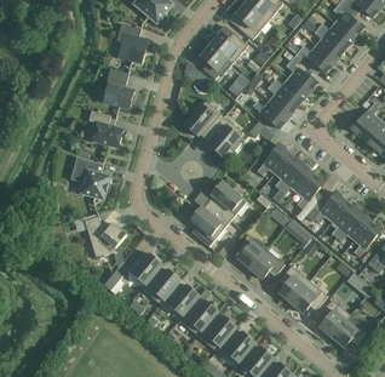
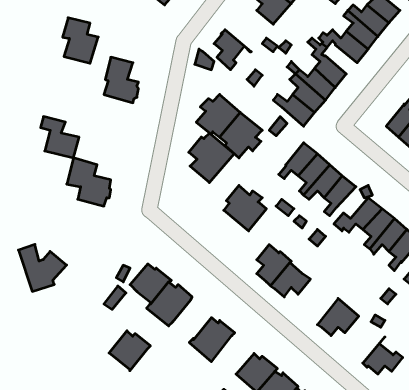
building: [116,23,148,63] -> [63,18,98,63]
building: [209,32,247,63] -> none
building: [88,110,122,147] -> [41,117,79,158]
building: [190,202,230,246] -> [189,133,234,183]
building: [84,216,126,257] -> [18,244,67,291]
building: [278,264,309,303] -> none
building: [163,281,200,316] -> [109,331,150,371]
building: [320,299,350,337] -> none
building: [197,313,236,352] -> none

